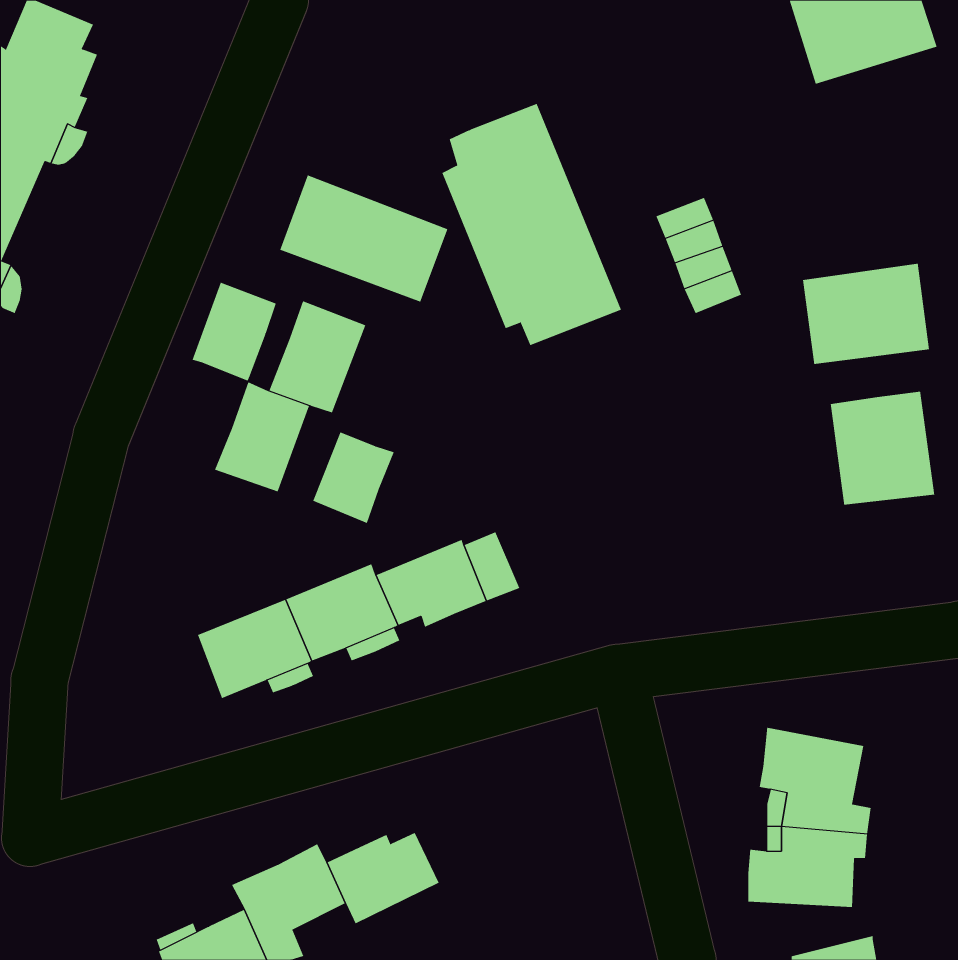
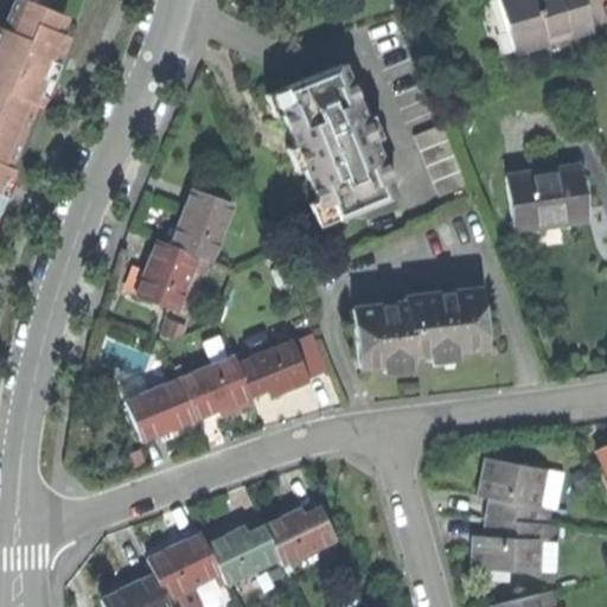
building: [280,175,448,302] -> none
building: [192,282,277,381] -> none
building: [830,391,935,506] -> none
building: [313,432,395,524] -> none
building: none -> [352,286,486,369]
building: none -> [263,505,337,564]

